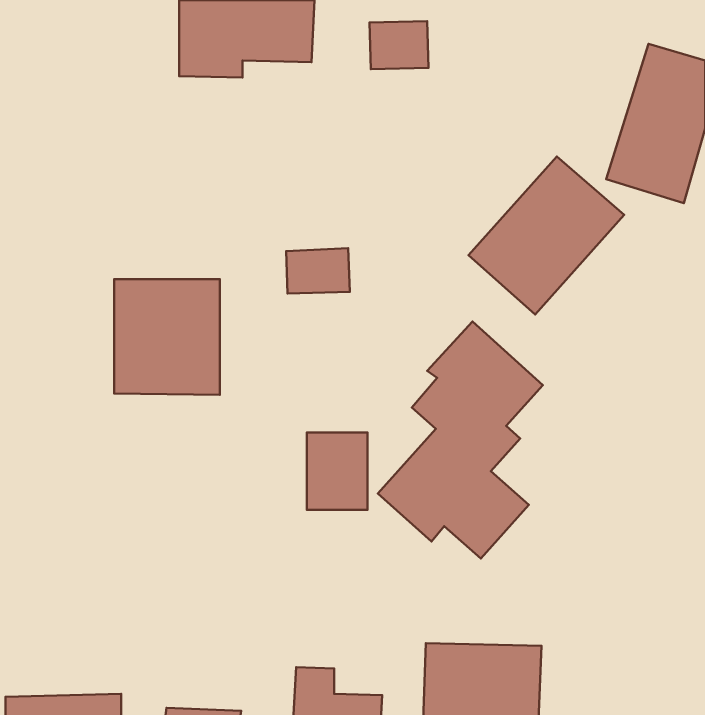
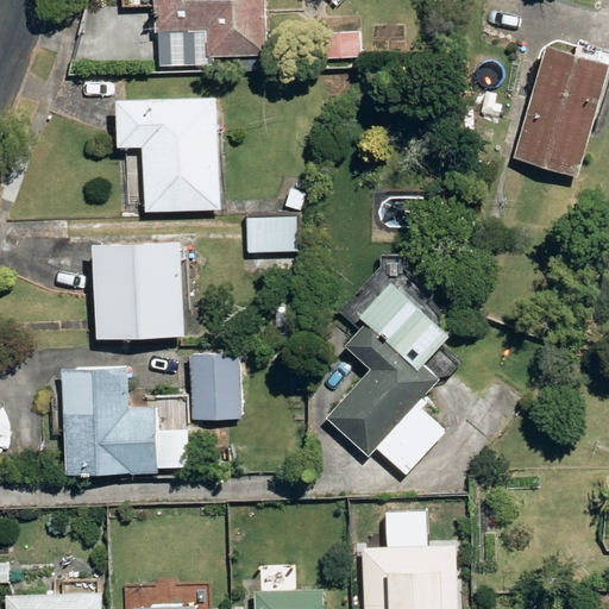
building: none -> [114,96,221,214]
building: [469,157,624,315] -> none
building: none -> [59,364,189,476]
building: [307,432,368,510] -> [186,353,237,419]

